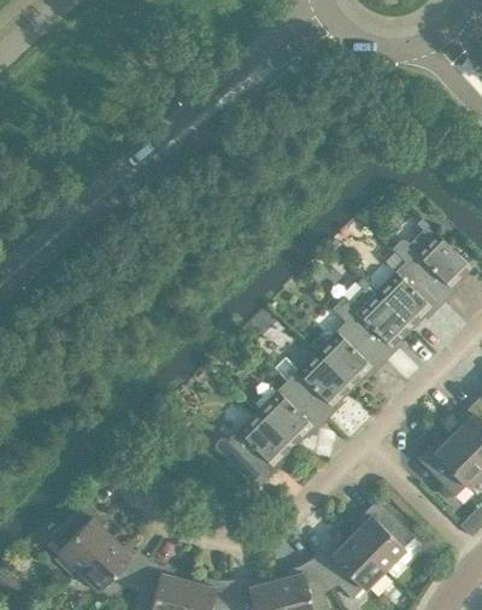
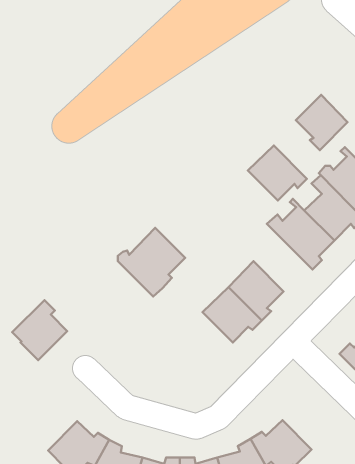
building: none -> [296,95,348,150]
building: [317,323,386,387] -> [248,145,307,201]
building: [214,411,293,491] -> [118,228,185,296]
building: [351,500,413,570] -> none
building: [48,502,112,571] -> [12,300,67,360]

